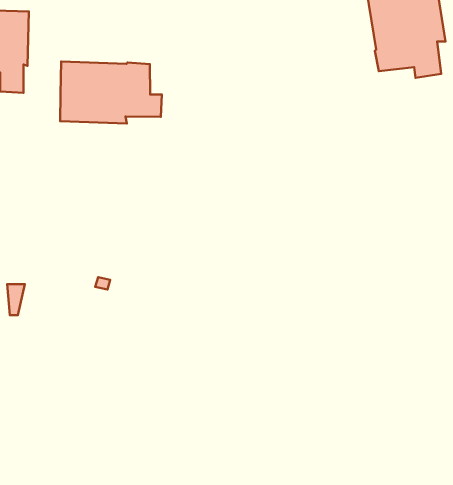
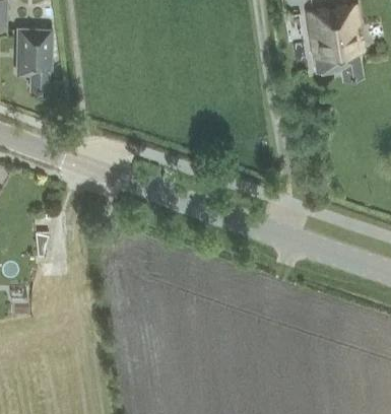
building: [60,61,162,123] -> none

